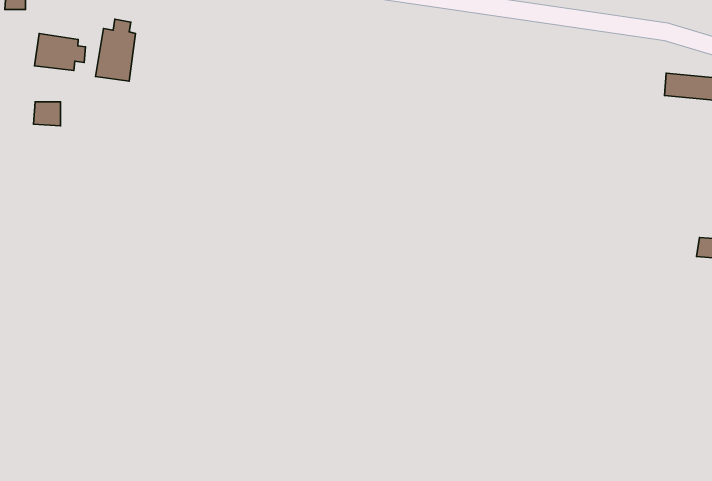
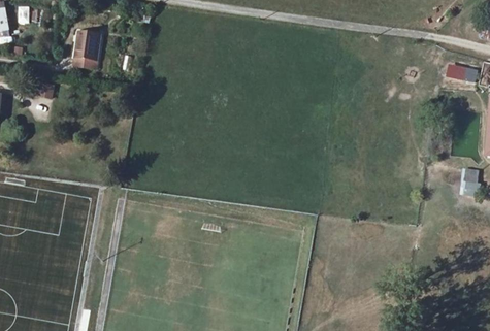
building: [35,33,86,70] -> none

